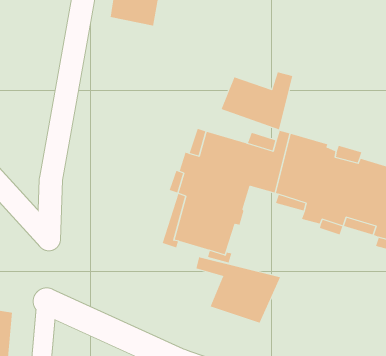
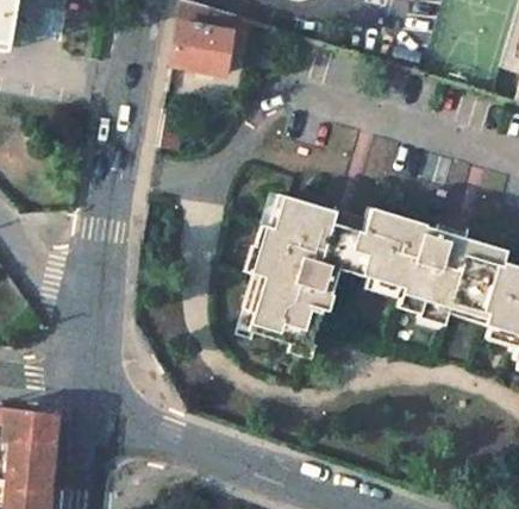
building: [221,72,293,130] -> none
building: [196,257,281,323] -> none

